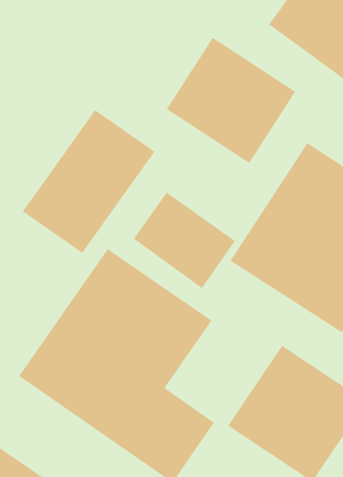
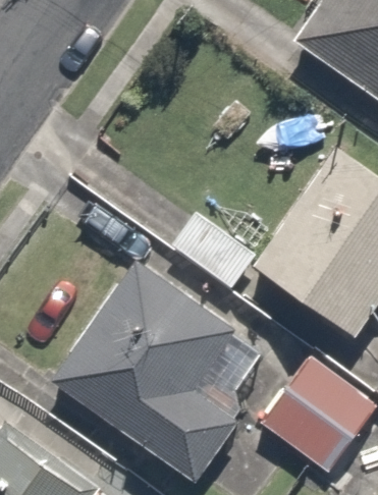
building: [166,37,296,164] -> none
building: [22,109,155,254] -> none

